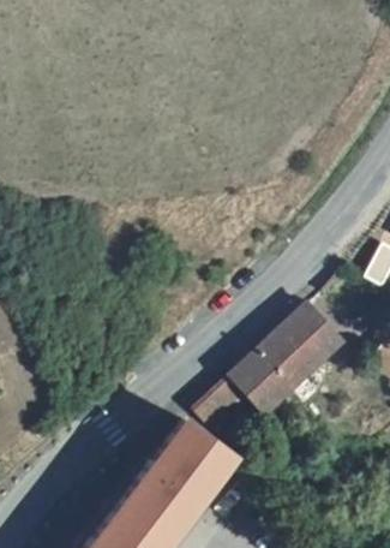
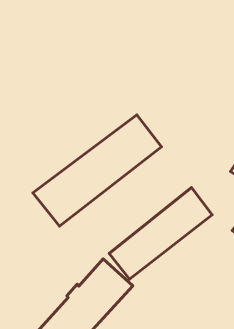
building: none -> [33,115,162,226]

